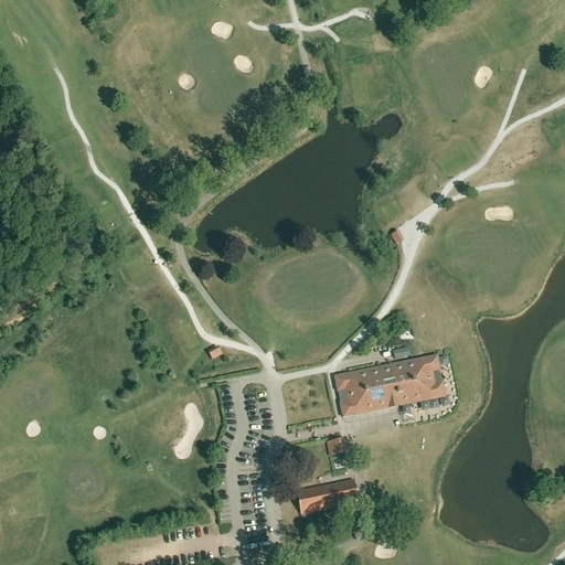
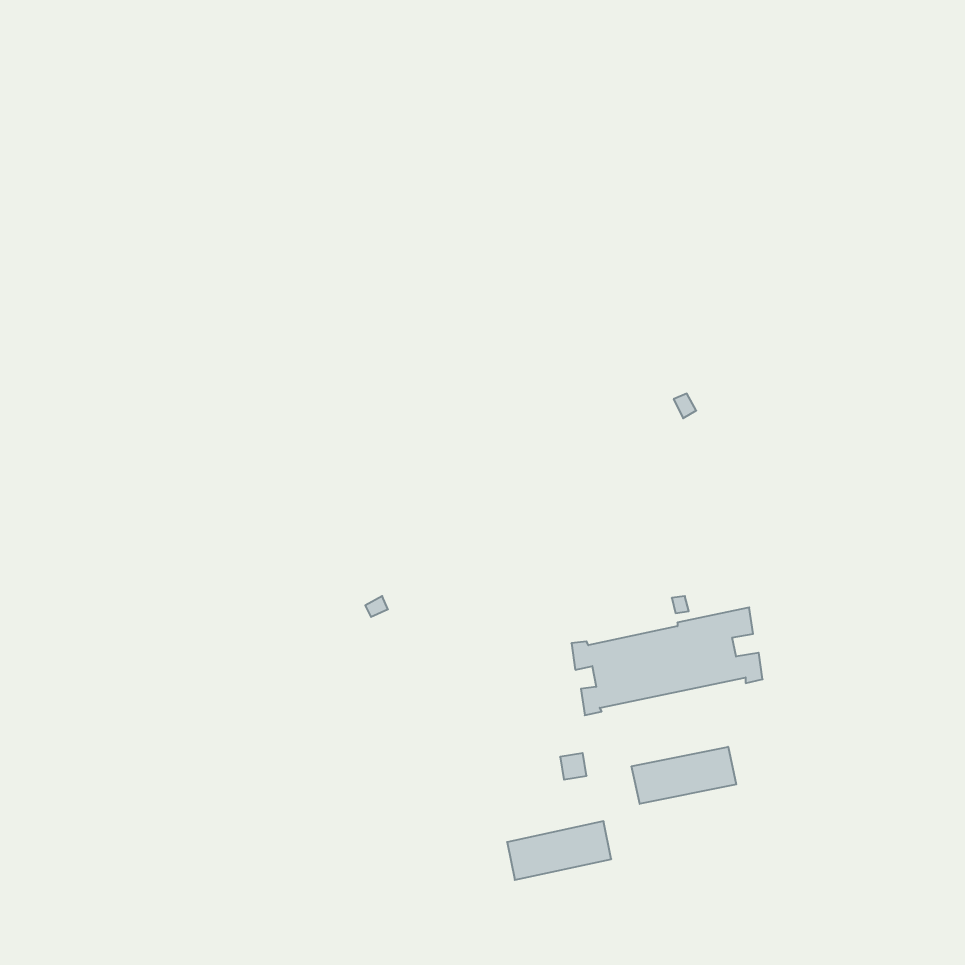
building: none -> [632,747,736,804]

